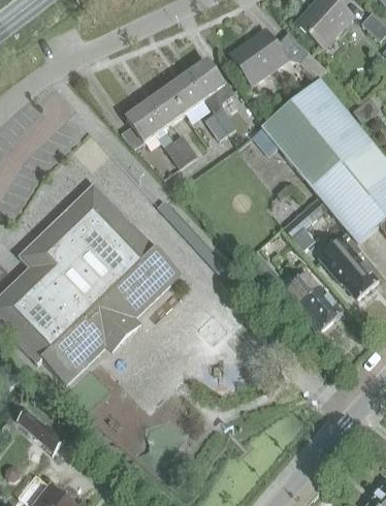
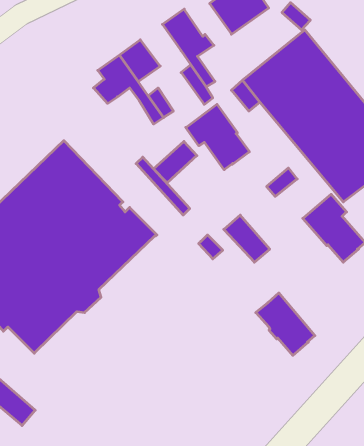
building: [165,73,203,113] -> none
building: none -> [186,104,249,170]
building: none -> [153,141,197,183]
building: [285,271,341,329] -> [256,293,315,355]

